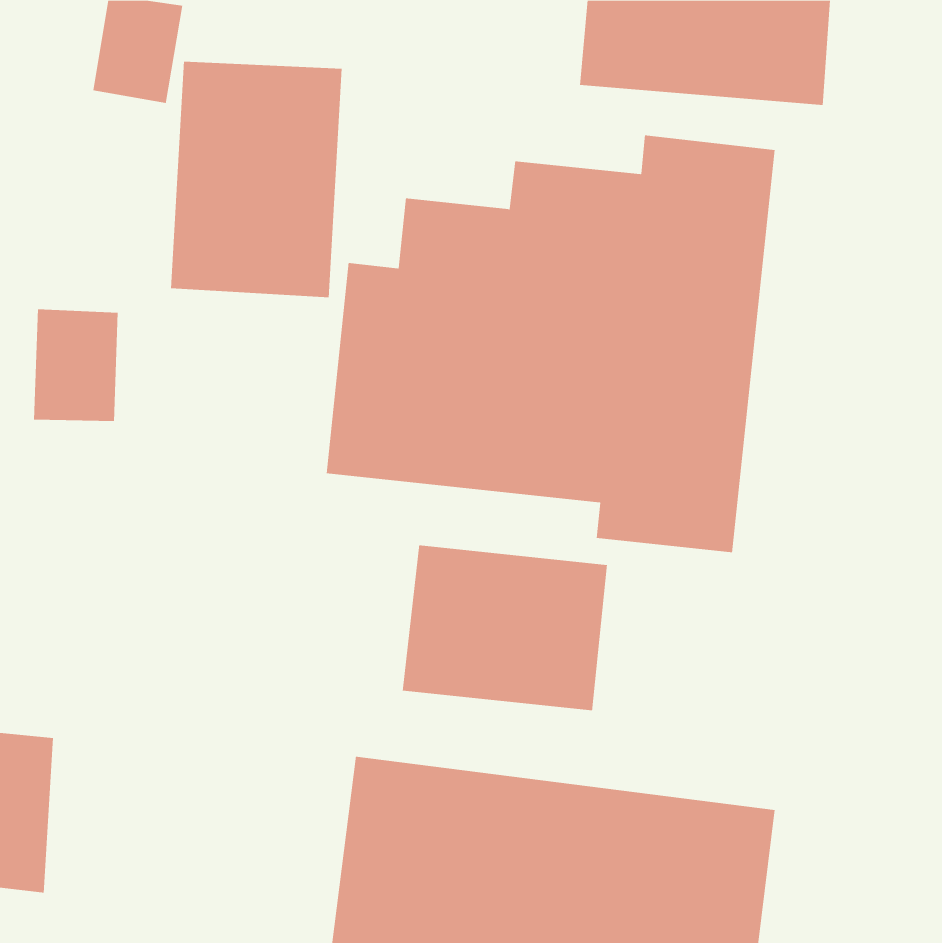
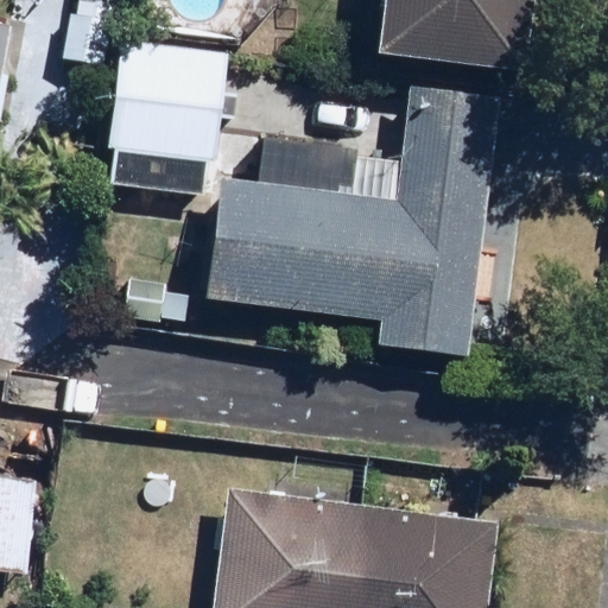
building: [402,545,608,711] -> none

